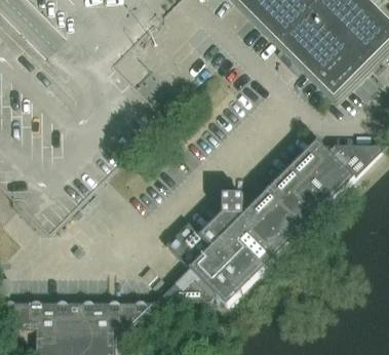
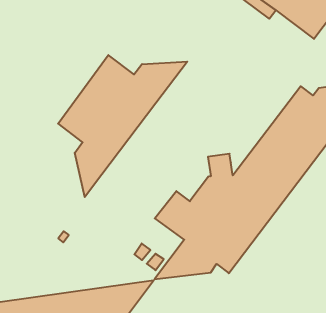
building: none -> [58,55,187,197]

